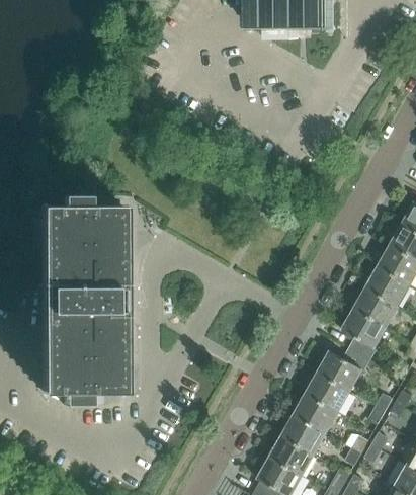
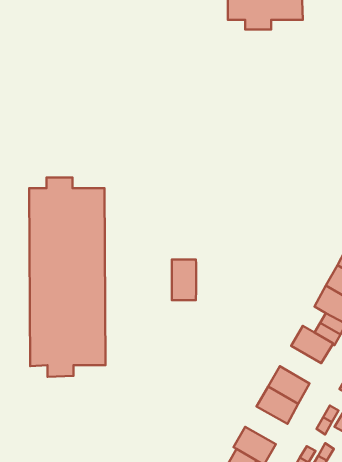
building: none -> [172,259,196,300]
building: [307,372,350,411] -> none
building: [270,435,315,475] -> none

